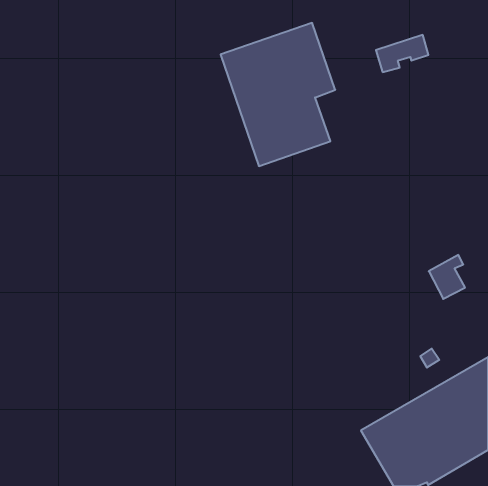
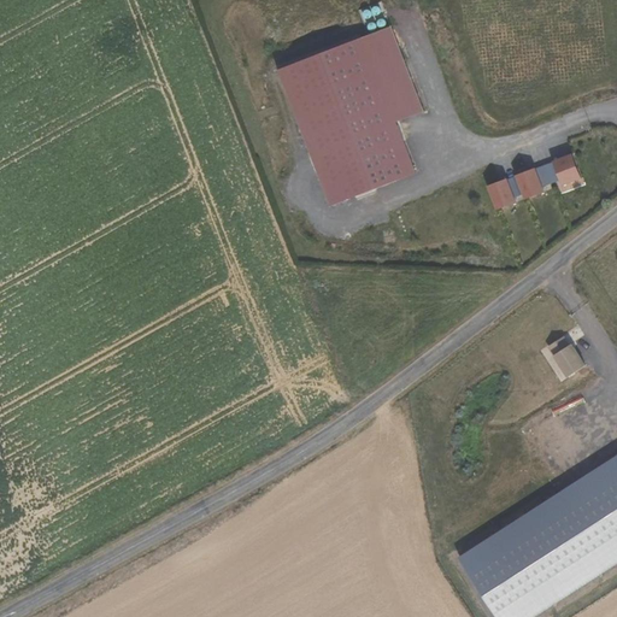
building: [376,35,428,72] -> [515,154,581,201]
building: none -> [487,180,517,213]

